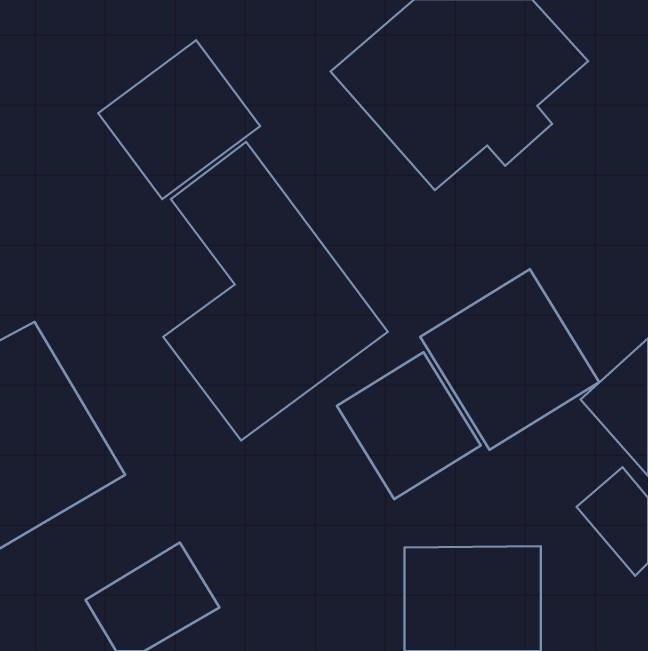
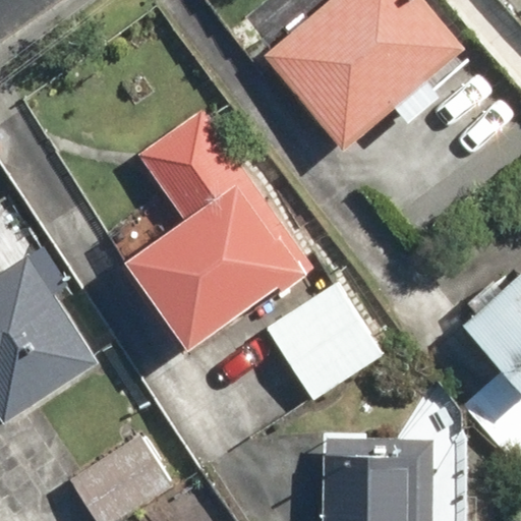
building: [98,40,260,199] -> none
building: [420,269,599,450] -> none

